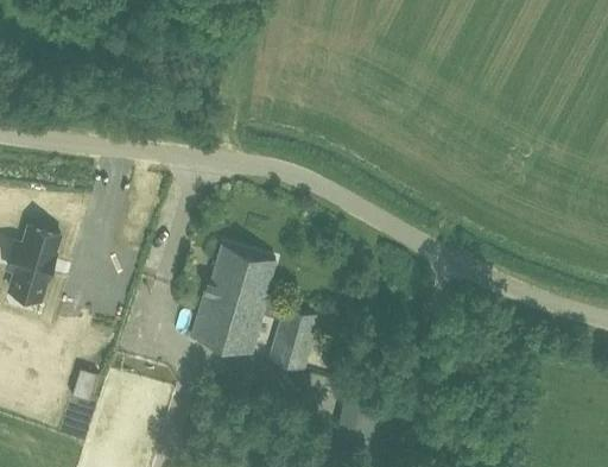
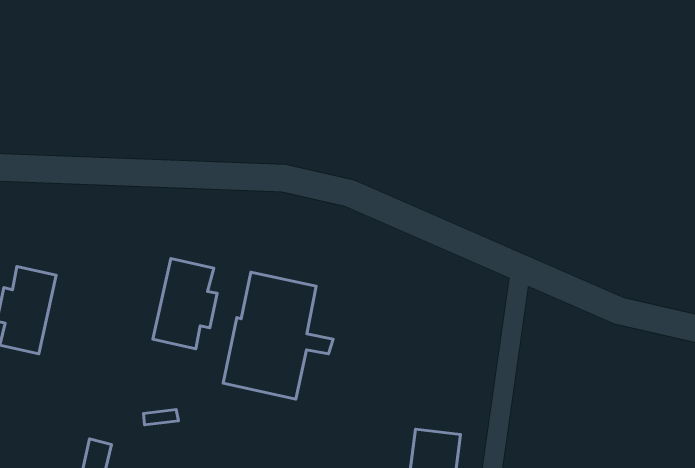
building: none -> [153,259,217,349]
building: [268,310,317,372] -> none

